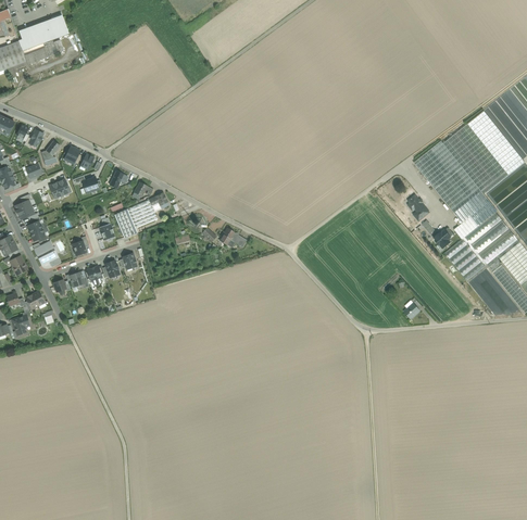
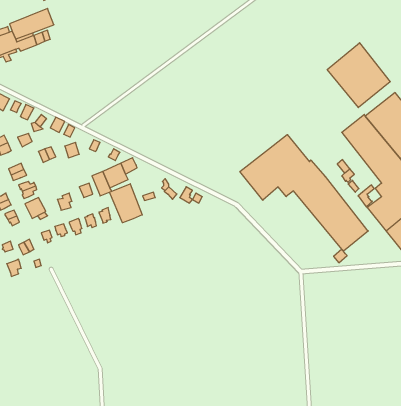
building: none -> [327,43,390,108]
building: none -> [240,135,368,251]
building: none -> [110,184,142,223]

